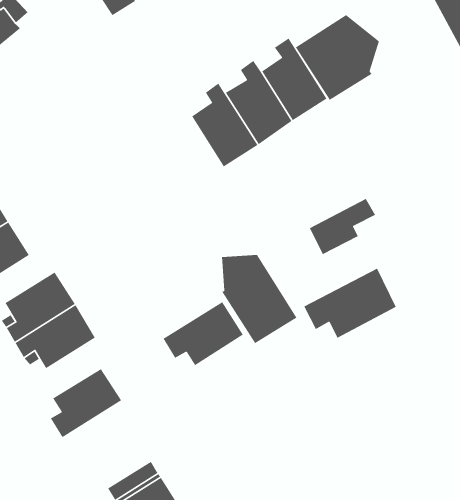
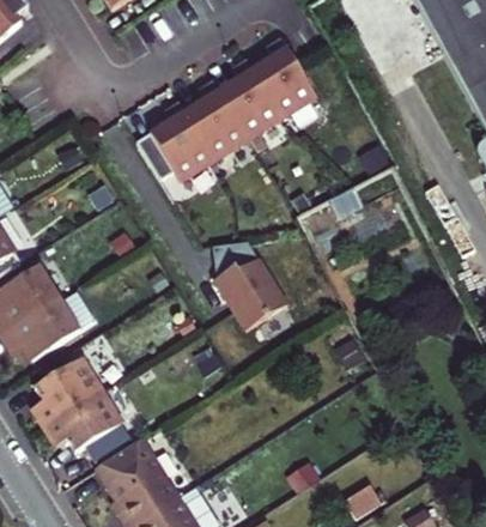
building: [295,14,380,101] -> none
building: none -> [136,102,214,182]
building: [303,268,397,339] -> none
building: [162,301,244,366] -> [60,383,138,446]

